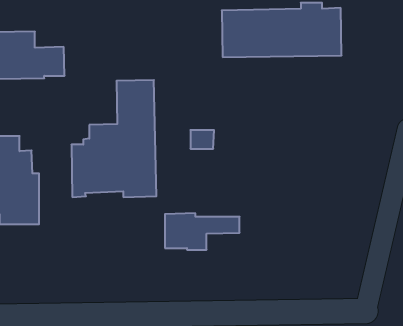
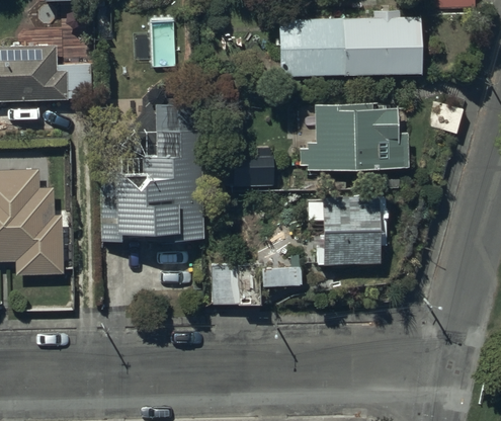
building: none -> [301,104,408,170]
building: none -> [308,194,387,266]

